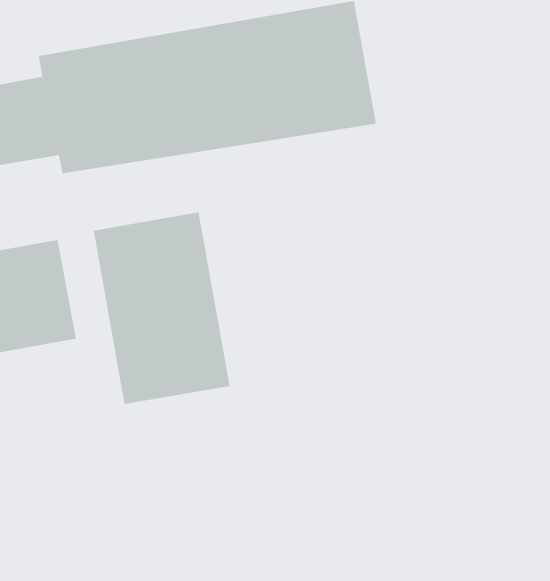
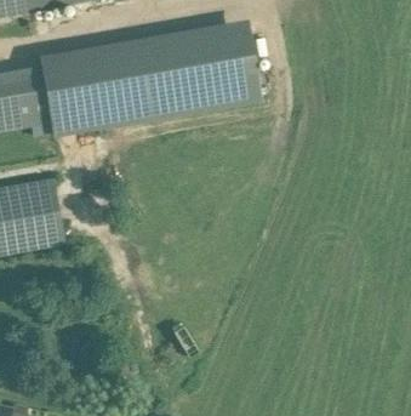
building: [93,212,230,405] -> none

